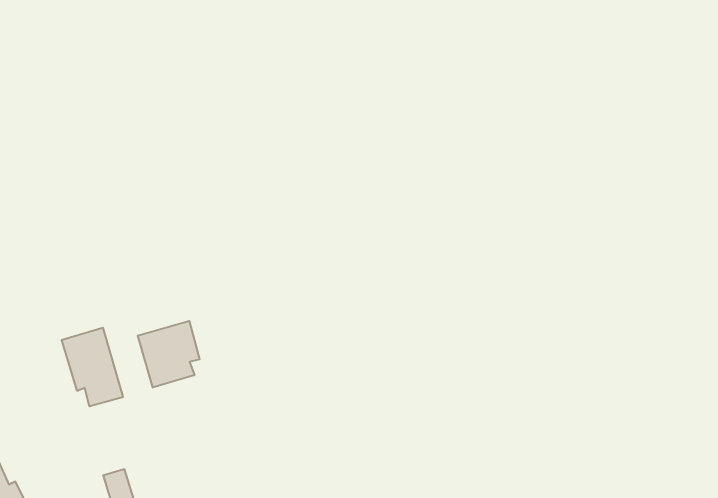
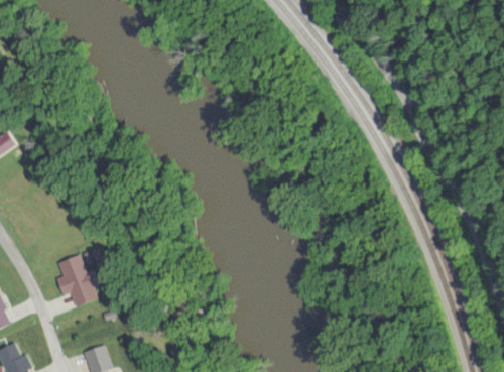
building: [138,321,200,388] -> none

